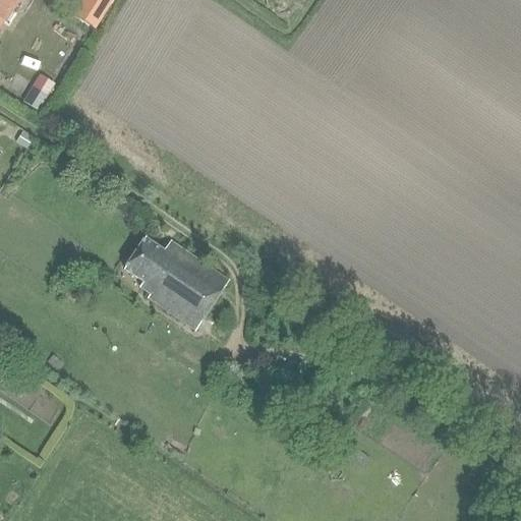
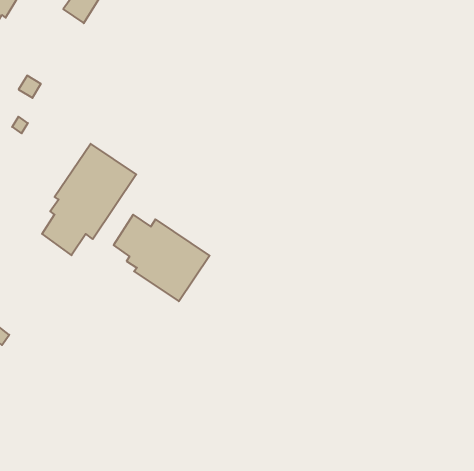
building: none -> [42,144,136,255]

